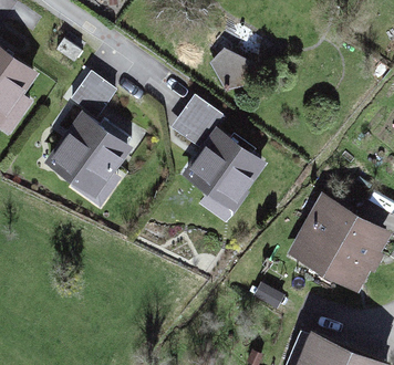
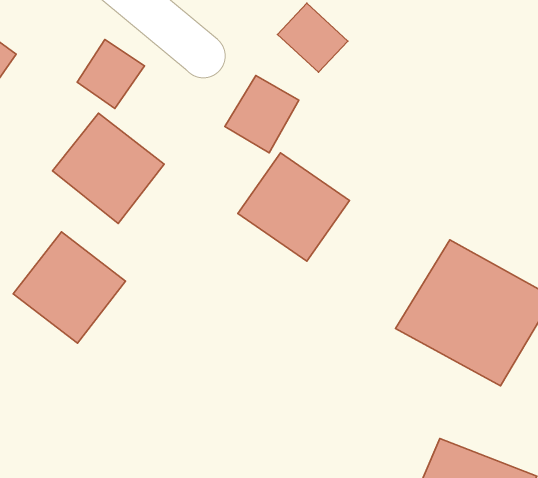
building: none -> [13,232,126,343]

